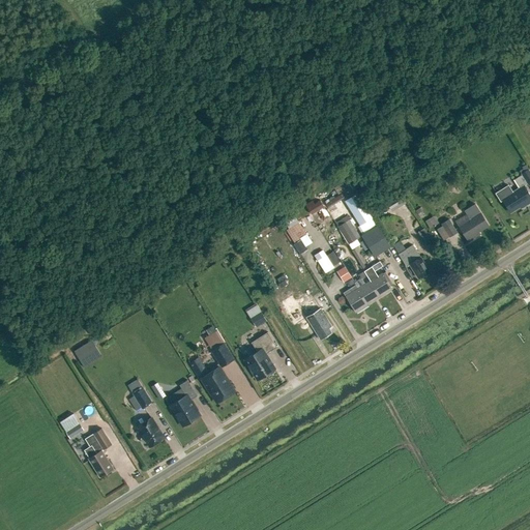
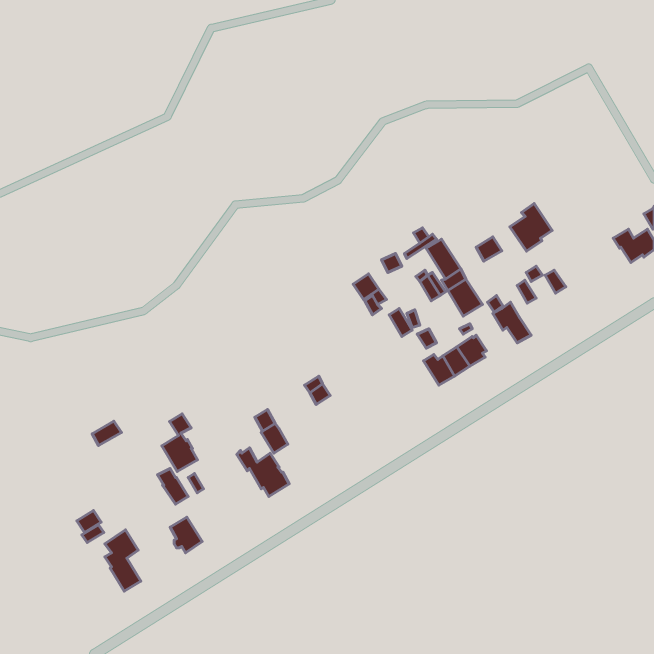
building: [454,203,489,241] -> [510,204,552,251]
building: [306,308,332,340] -> none
building: [245,332,276,379] -> none
building: [171,379,200,425] -> [162,414,198,471]

